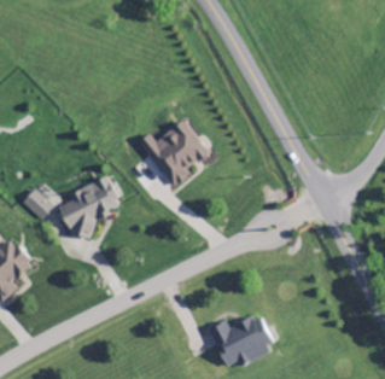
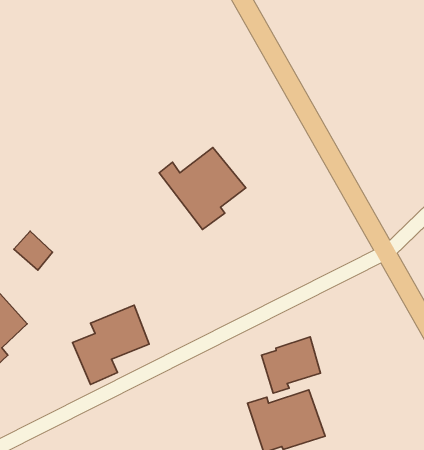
building: [59,175,121,239] -> [73,305,149,384]
building: none -> [261,337,321,393]

